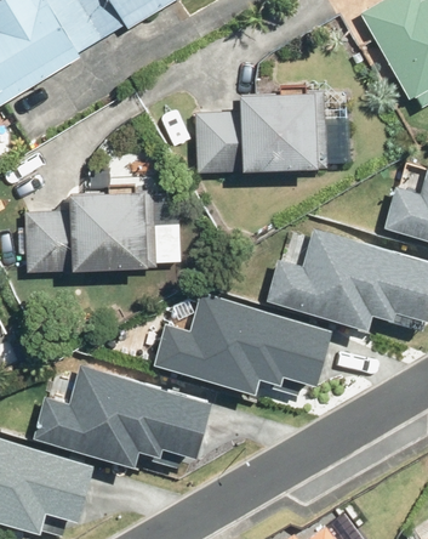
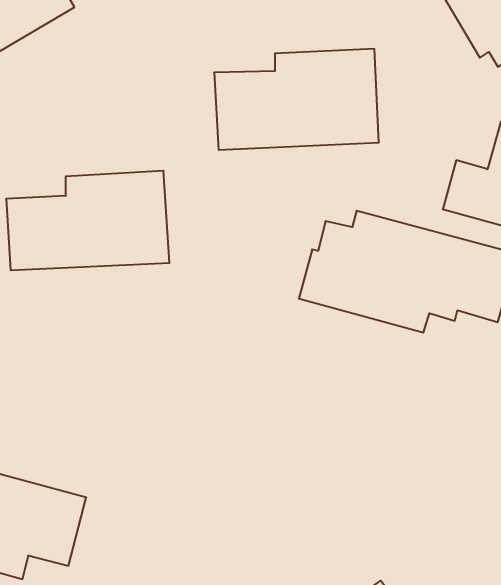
building: [149,290,327,390] -> none
building: [29,363,206,463] -> none

